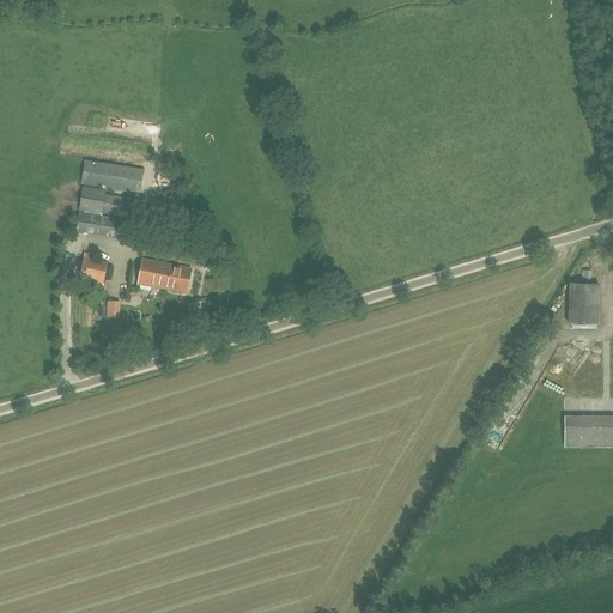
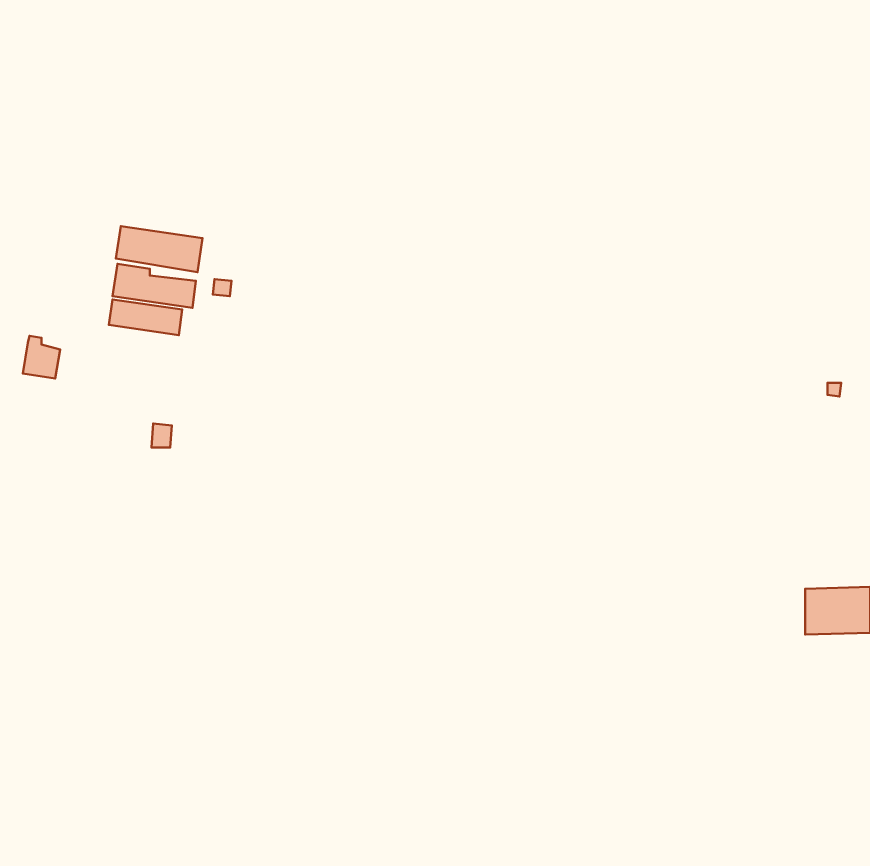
building: [80,251,107,281] -> [23,336,60,379]
building: [139,257,192,291] -> none
building: [569,281,599,322] -> none

